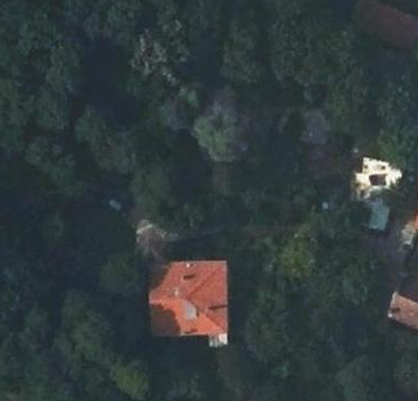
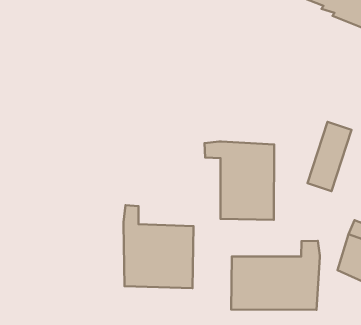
building: none -> [205,141,274,220]
building: none -> [231,241,320,310]

